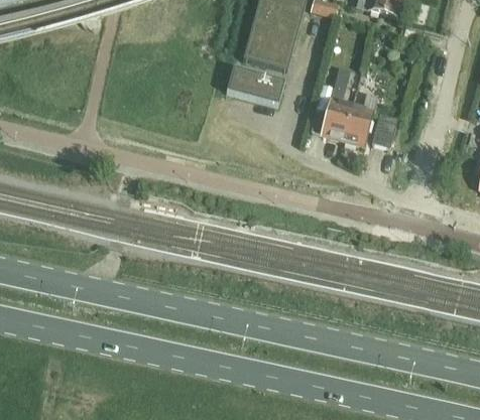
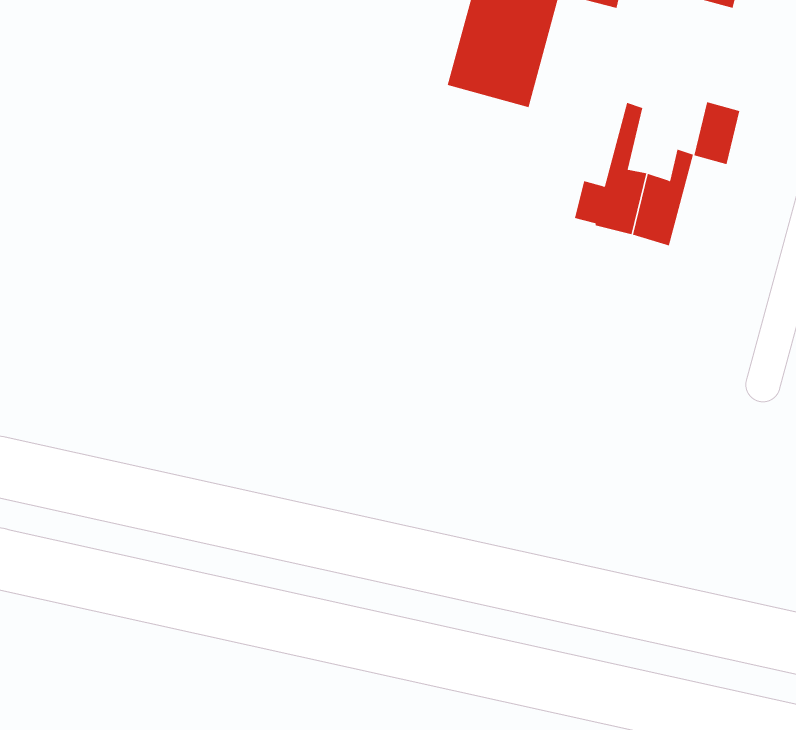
building: [227,65,285,105] -> none
building: [372,113,397,147] -> [694,101,740,165]

